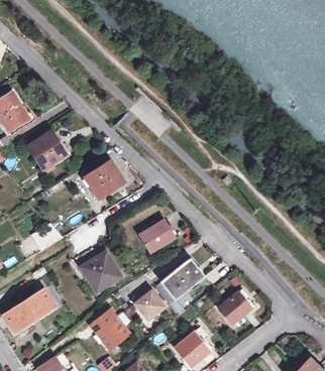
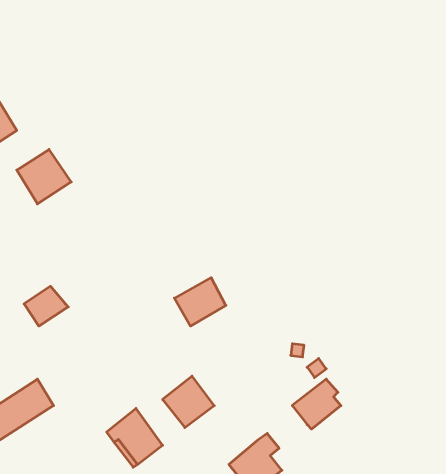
building: [80,152,124,198] -> none
building: [81,253,121,292] -> none
building: [154,259,205,305] -> none

